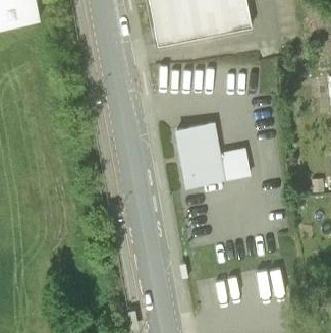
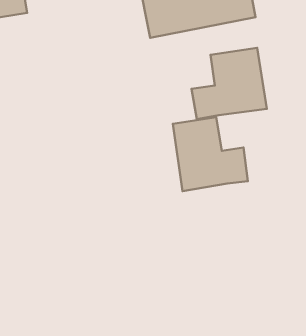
building: none -> [192,48,267,119]

